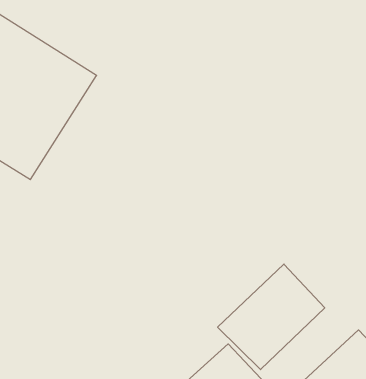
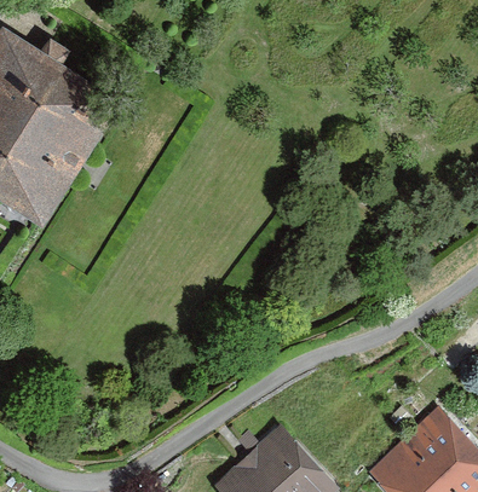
building: [218,264,325,370] -> none

